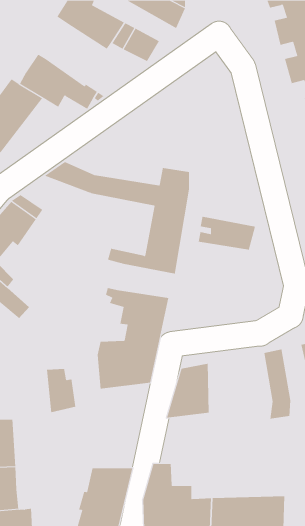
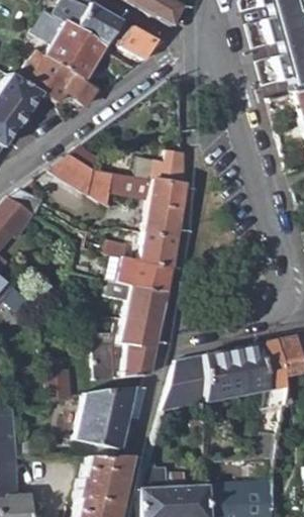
building: none -> [46,23,106,84]
building: [198,216,256,250] -> [116,257,173,291]
building: none -> [205,344,267,404]
building: none -> [77,385,146,450]

